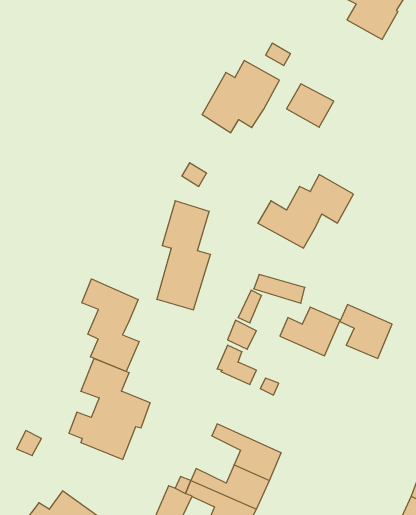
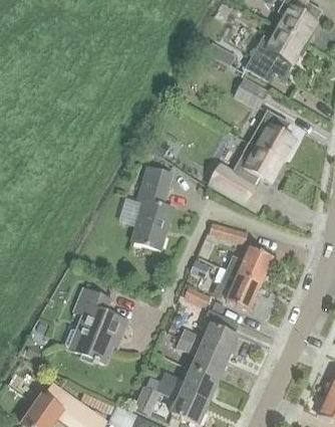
building: [202,61,279,133] -> [246,27,305,82]
building: none -> [249,110,295,161]
building: [82,279,139,371] -> none
building: [340,305,392,358] -> [221,269,261,310]
building: none -> [179,325,238,359]

